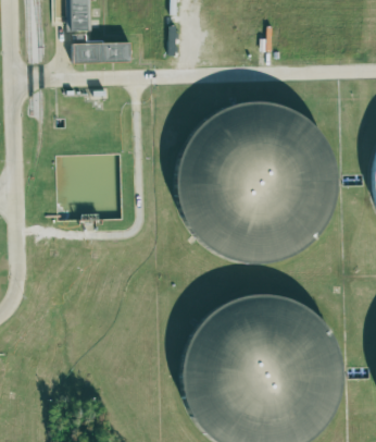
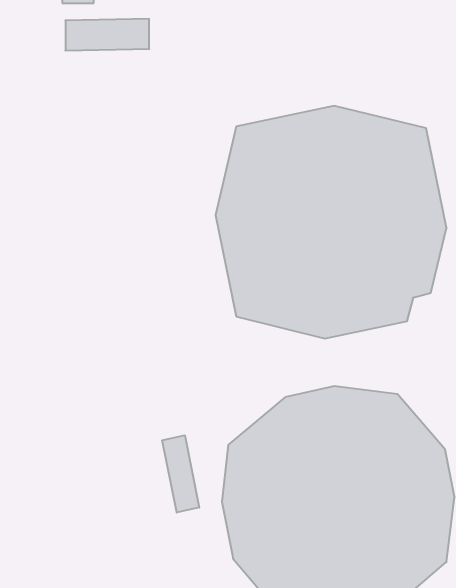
building: none -> [162,435,199,513]

